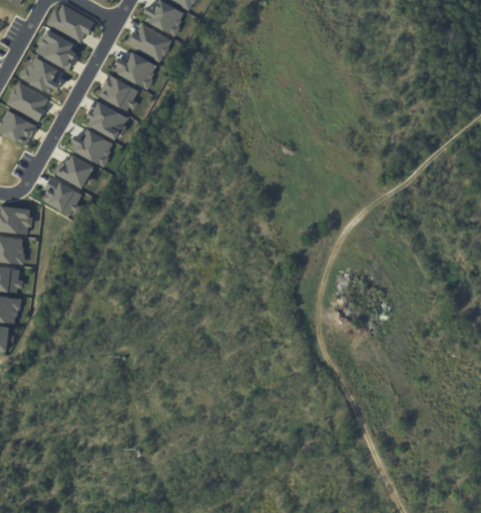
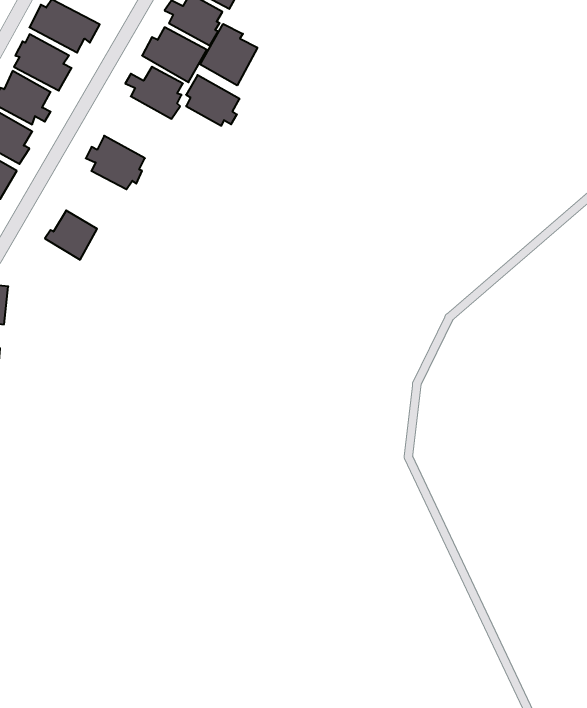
building: none -> [200,24,257,85]
building: [101,74,139,110] -> [186,75,240,126]
building: [71,129,114,167] -> none
building: [45,175,83,216] -> none

